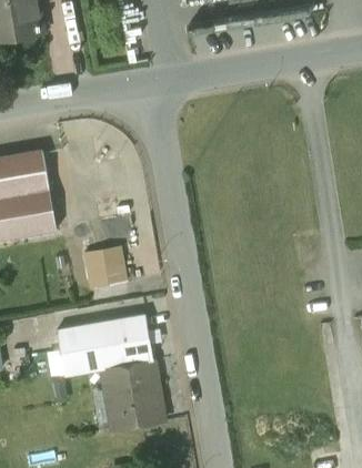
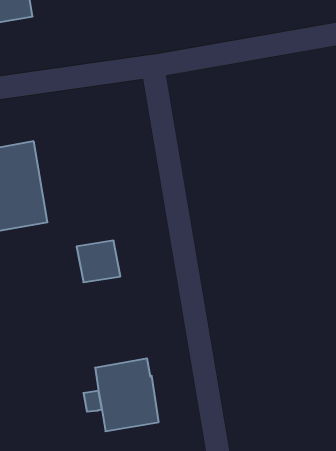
building: [57,315,153,376] -> none

